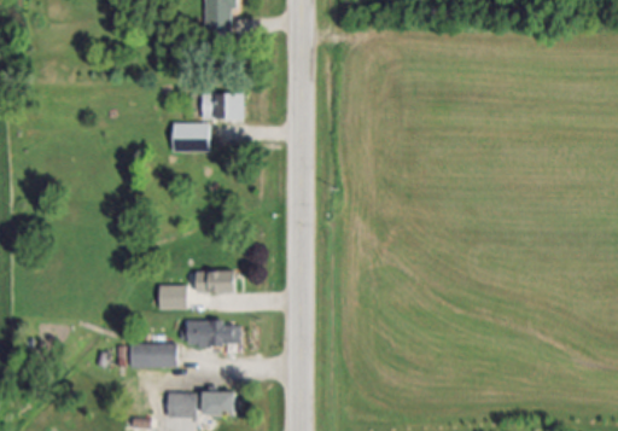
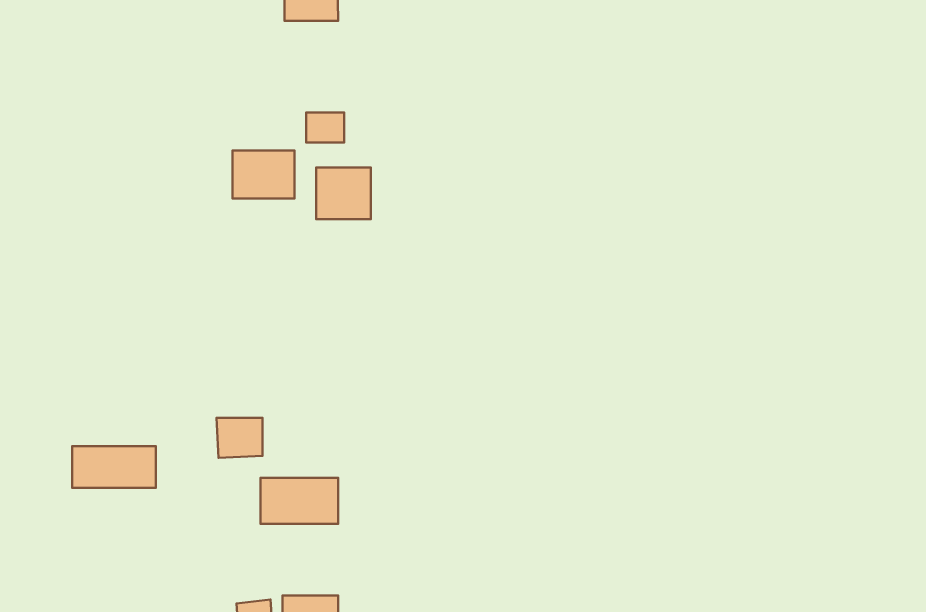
building: none -> [316,167,371,219]
building: [197,270,235,292] -> none
building: [127,342,177,367] -> [72,446,156,488]

